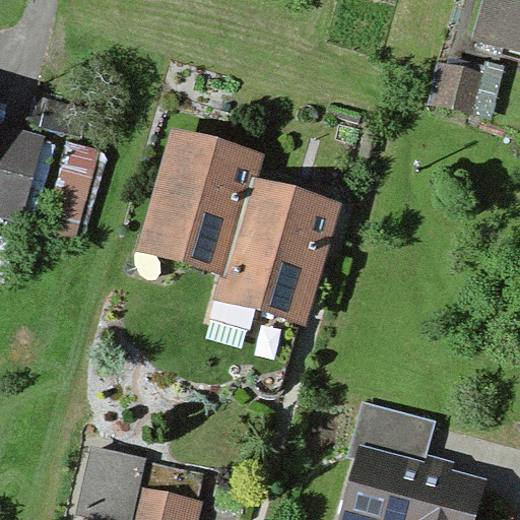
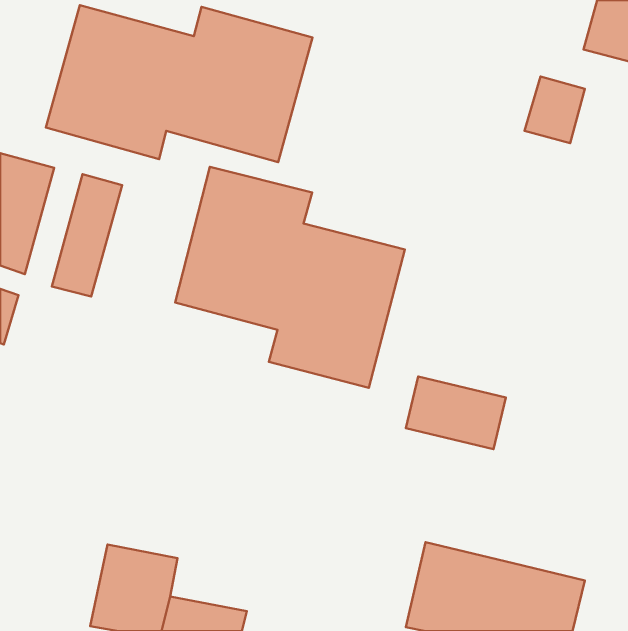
building: none -> [46,5,312,162]
building: [352,403,435,463] -> [406,376,506,449]

